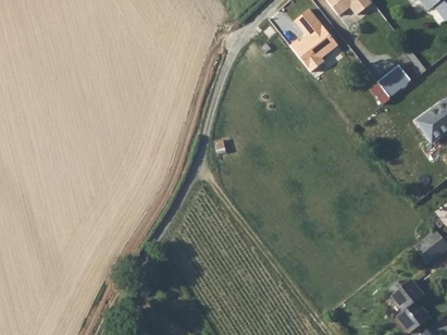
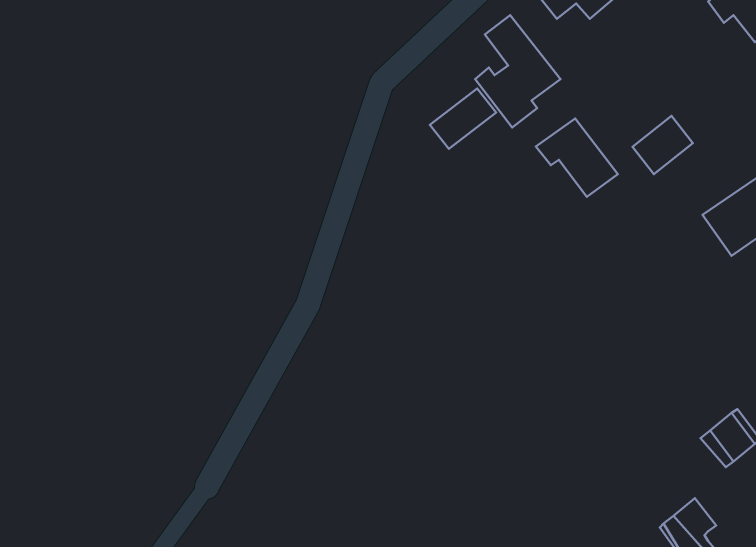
building: none -> [430,89,496,149]
building: none -> [536,118,618,197]

